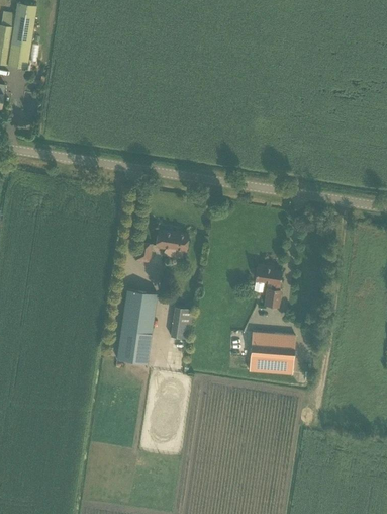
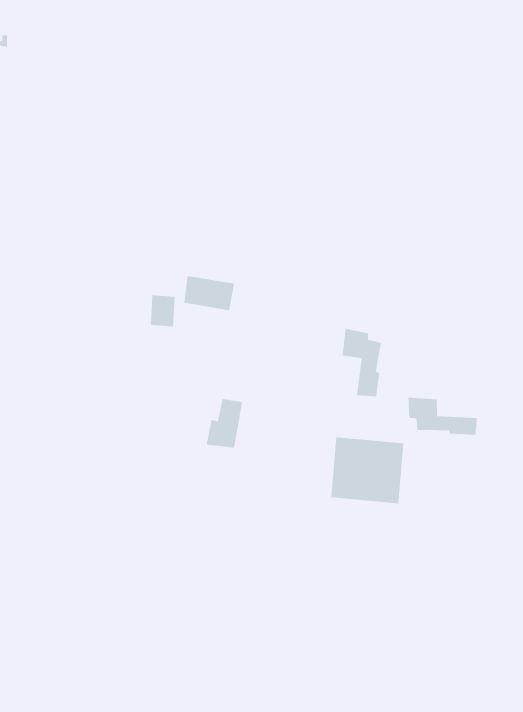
building: [117,289,158,364] -> none
building: none -> [408,397,478,435]

